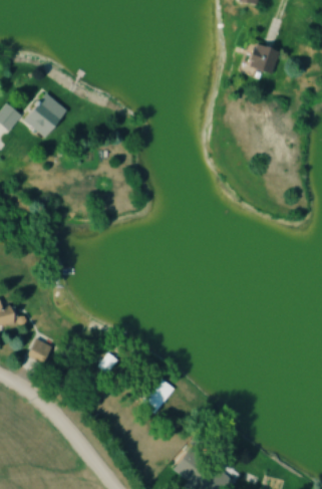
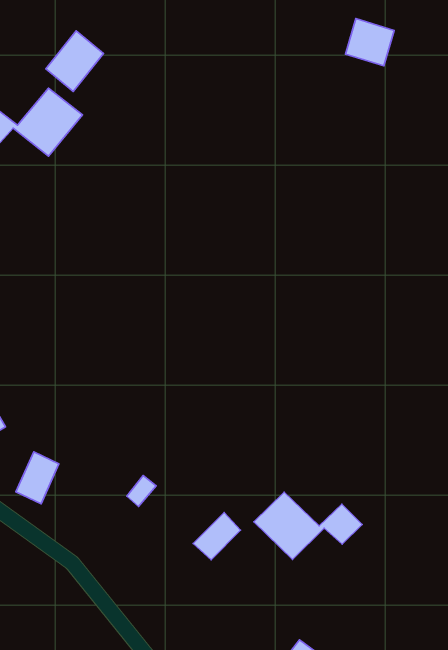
building: none -> [46,31,104,92]
building: none -> [254,492,362,560]

